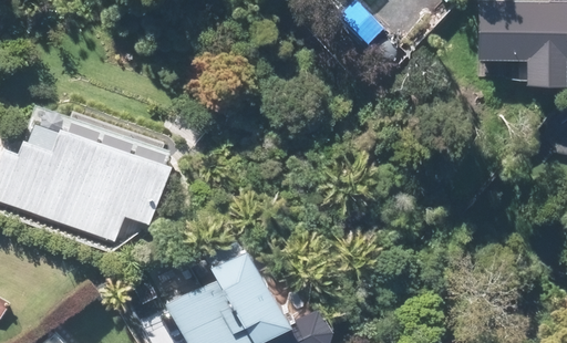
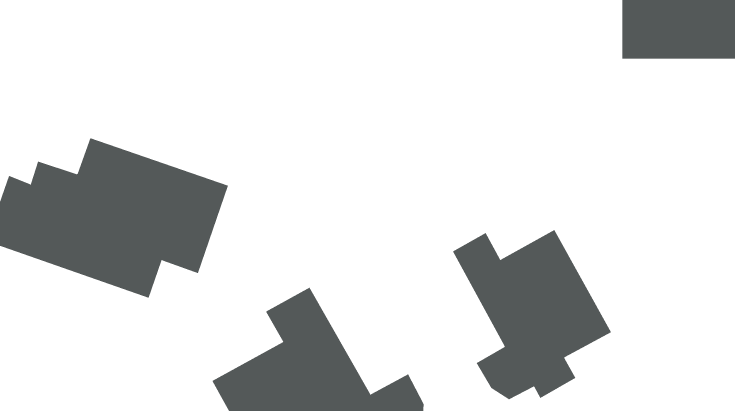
building: none -> [452,229,612,400]

